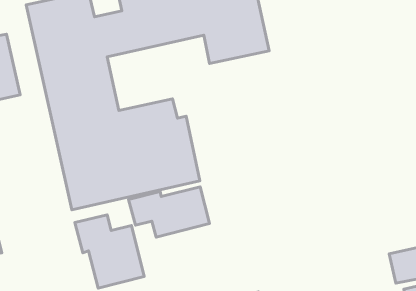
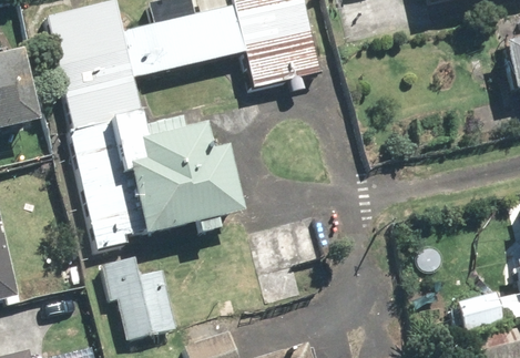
building: [128,187,209,237] -> none

